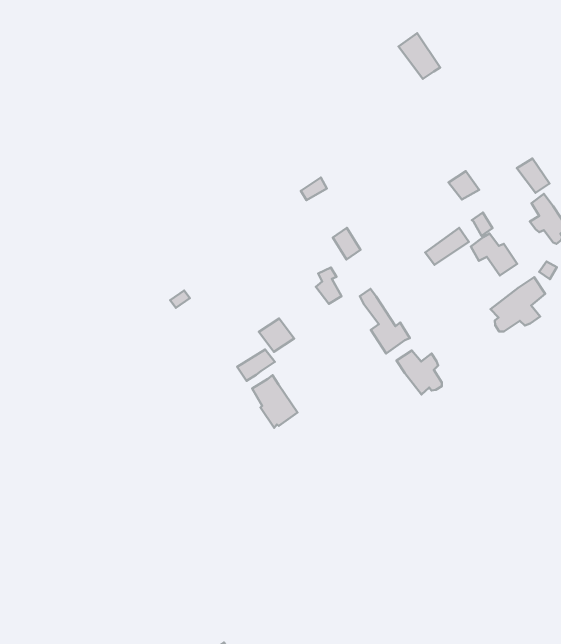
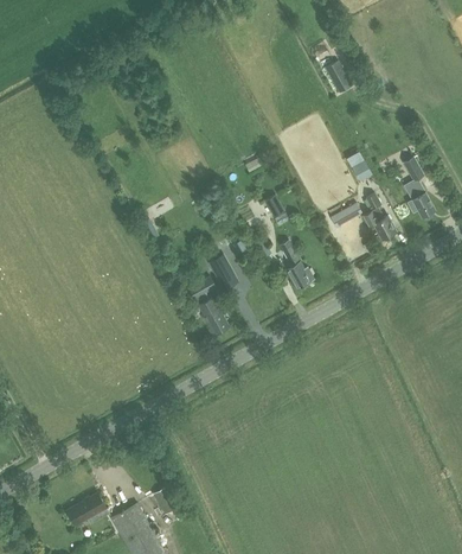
building: [490,277,545,332] -> none
building: [397,350,442,395] -> none

